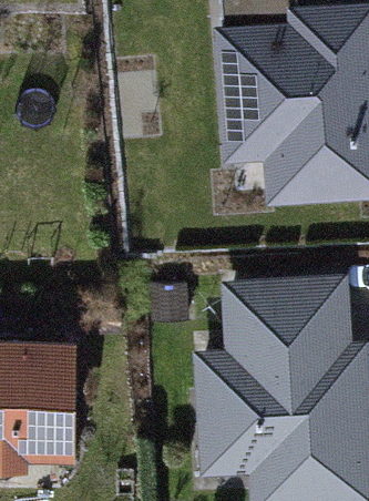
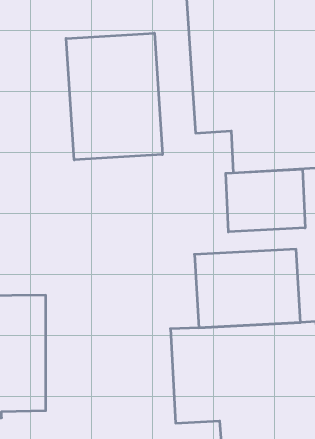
building: none -> [66,33,162,160]
building: none -> [226,169,305,232]

